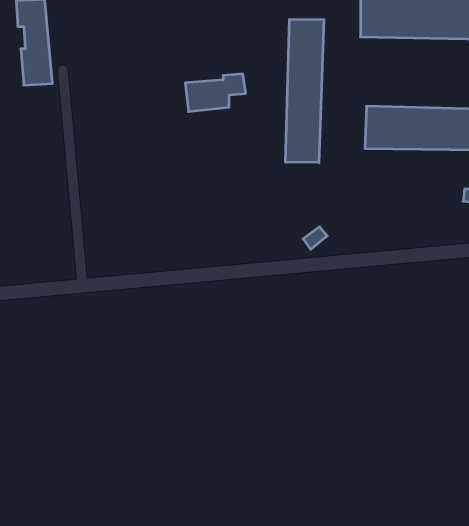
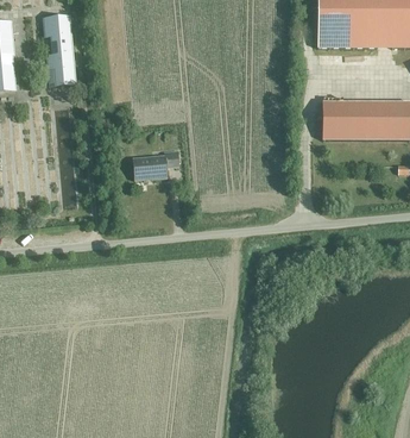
building: [286,19,324,163] -> none
building: [185,74,246,112] -> [133,151,181,181]

